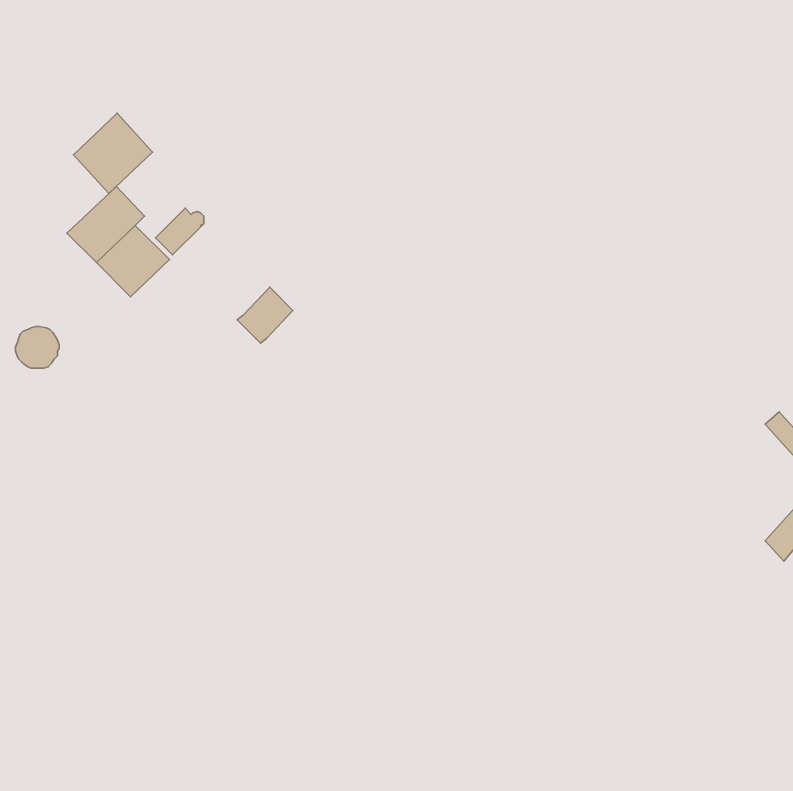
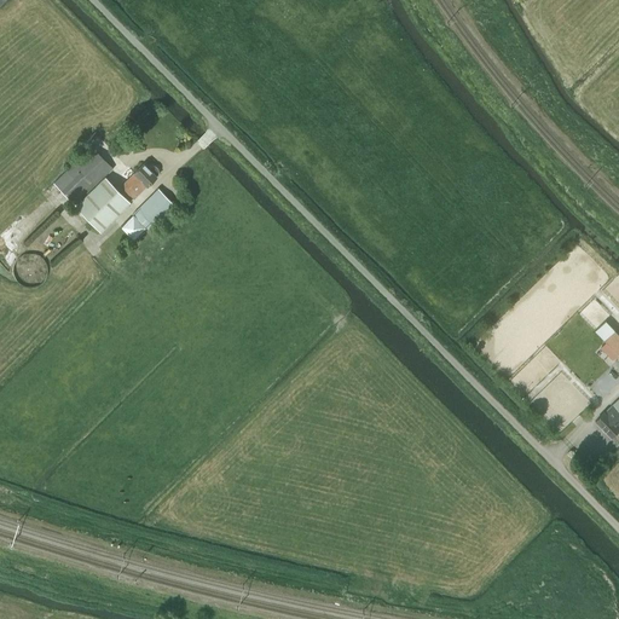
building: [73,113,153,194] -> none
building: [237,287,293,343] -> [133,190,177,233]

